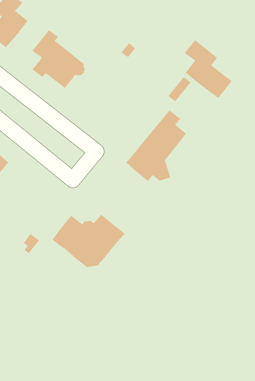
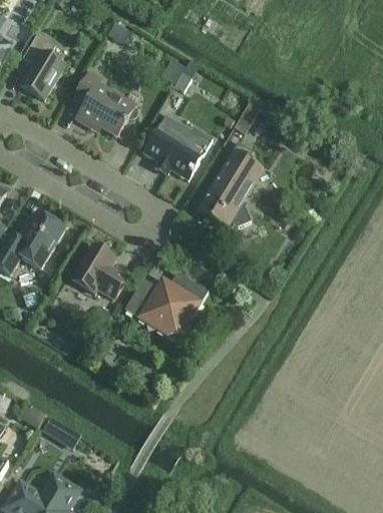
building: [184,39,233,99] -> none
building: none -> [142,115,212,174]
building: none -> [70,243,126,298]

